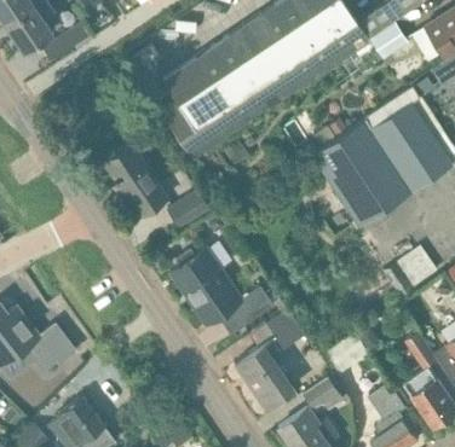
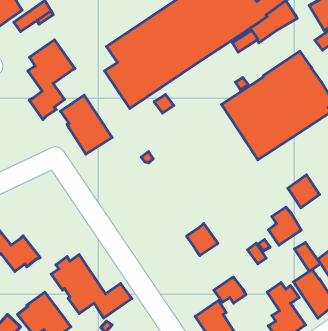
building: none -> [28,40,75,120]
building: [167,190,208,227] -> none
building: [168,248,272,330] -> [51,255,132,318]
building: none -> [269,207,301,245]
building: [234,339,298,410] -> none

